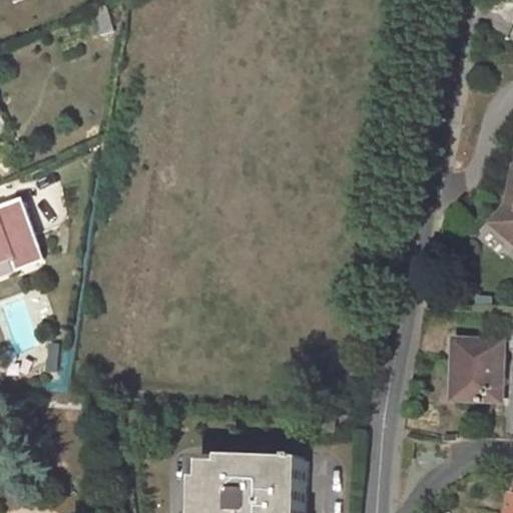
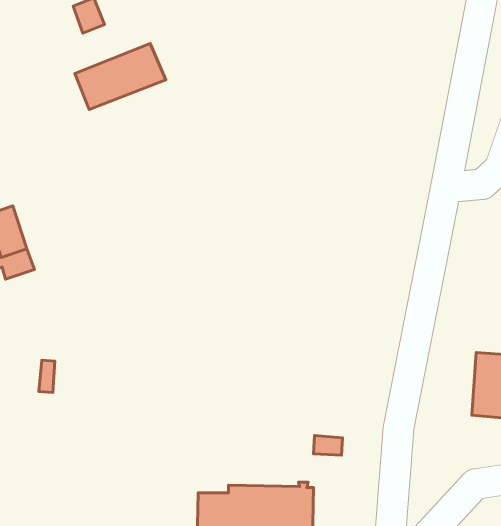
building: none -> [75,44,166,110]

